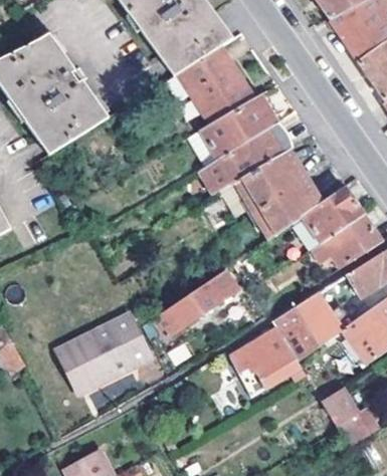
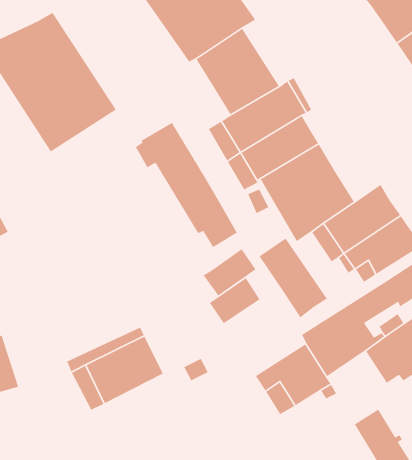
building: none -> [135,122,238,248]
building: none -> [259,238,328,318]
building: [156,292,204,335] -> [203,248,256,296]

